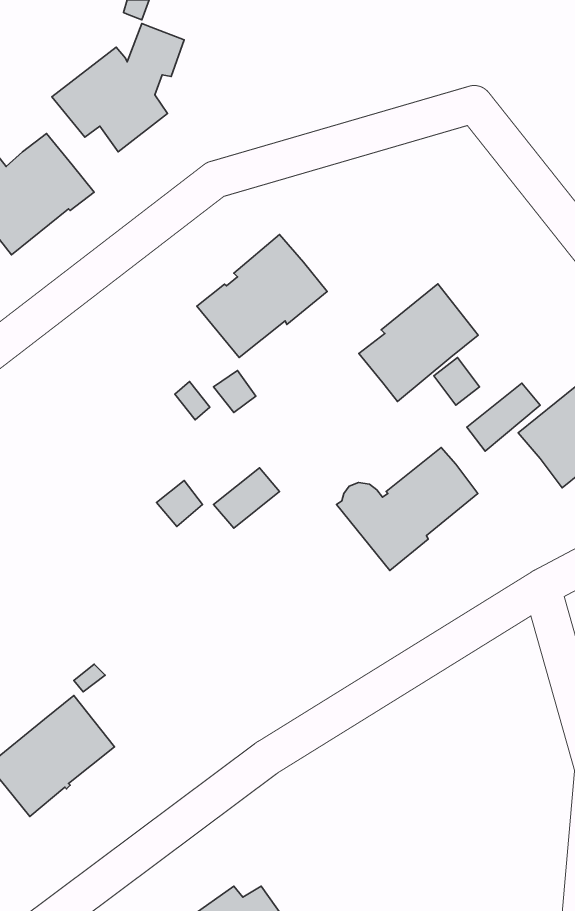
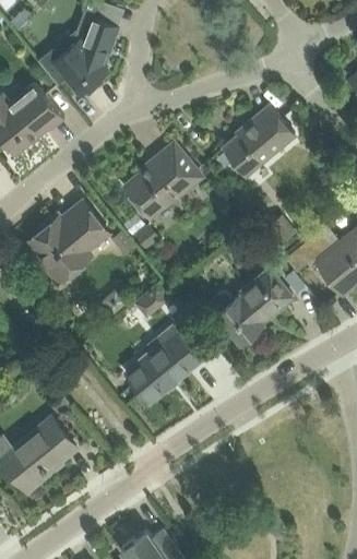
building: [359,284,478,401] -> [224,106,295,176]
building: none -> [26,202,108,283]
building: none -> [127,328,201,403]

